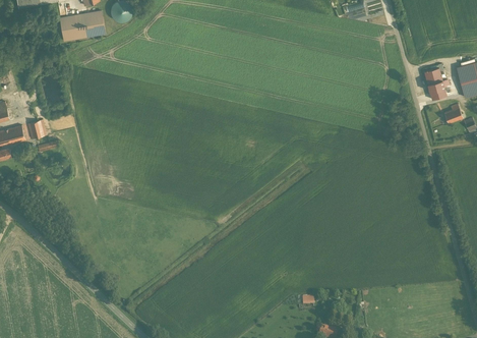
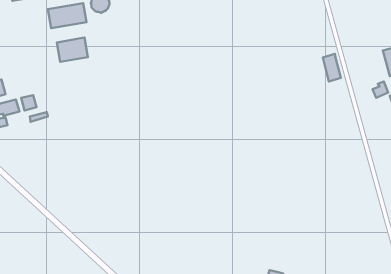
building: none -> [57,38,88,62]
building: [424,67,445,100] -> [323,54,341,81]

